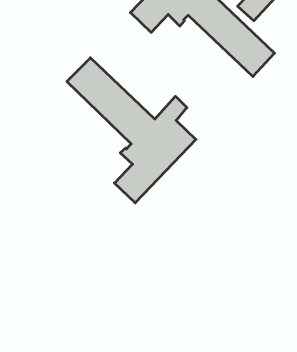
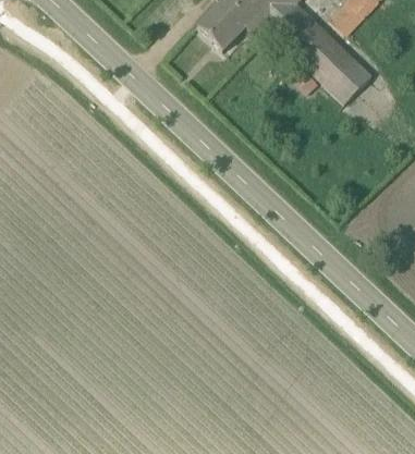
building: [67,58,196,203] -> none

